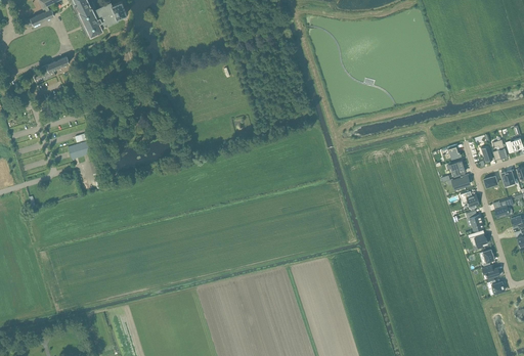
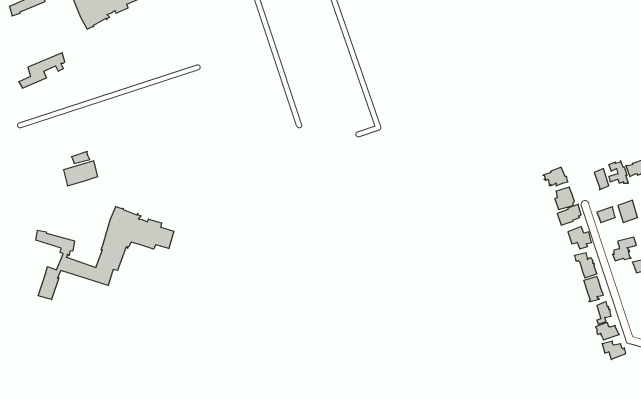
building: none -> [36,206,174,300]

